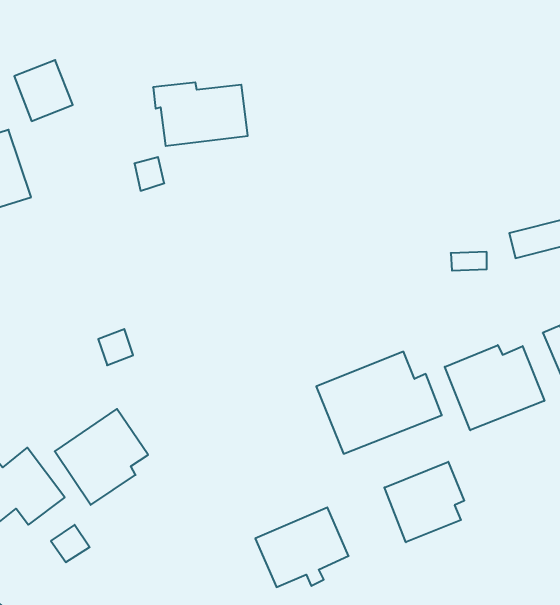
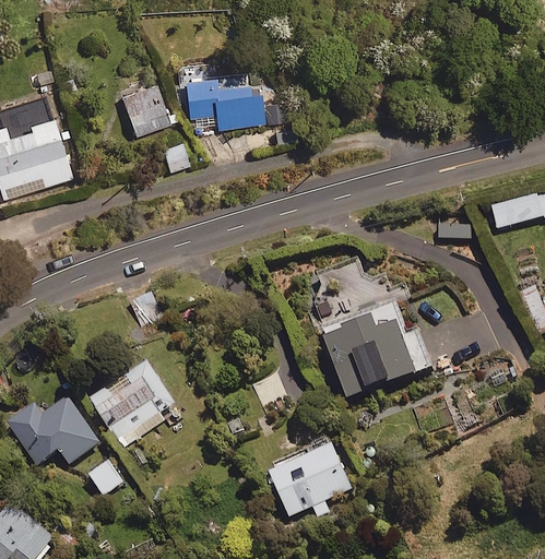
building: [14,60,73,121] -> [119,80,170,133]
building: [445,345,544,430] -> none
building: [384,462,464,542] -> none

